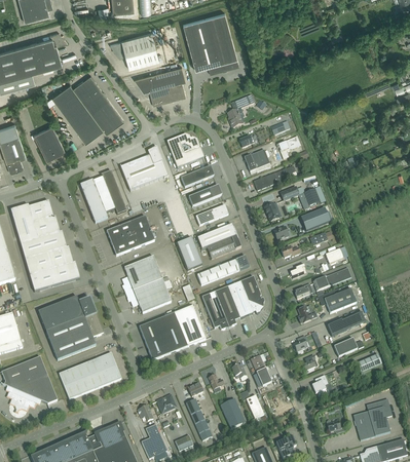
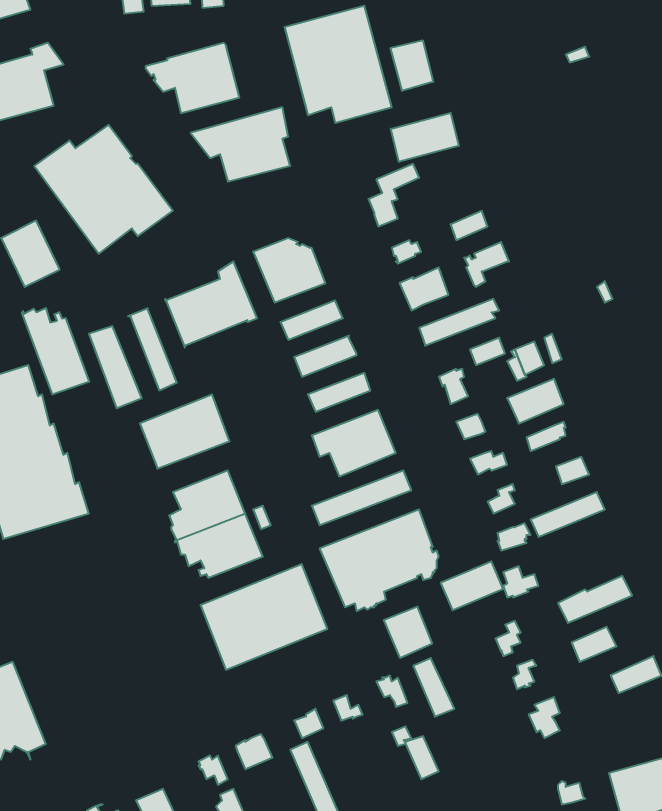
building: none -> [391,40,433,91]
building: none -> [391,113,459,162]
building: none -> [22,308,89,395]
building: [176,237,201,270] -> none
building: [323,287,356,313] -> [441,561,503,610]
building: [37,296,101,359] -> none
building: none -> [384,607,432,658]
building: [58,352,120,398] -> none
building: [219,398,244,428] -> none

